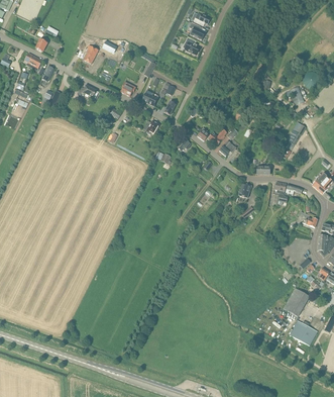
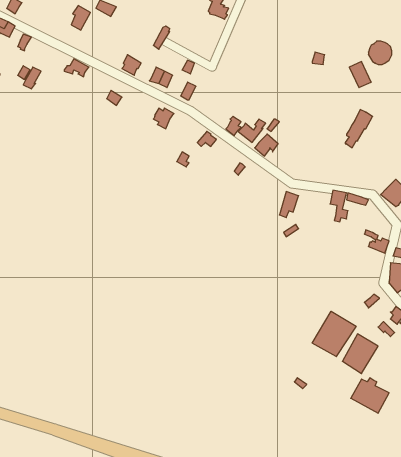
building: none -> [312,311,356,357]

